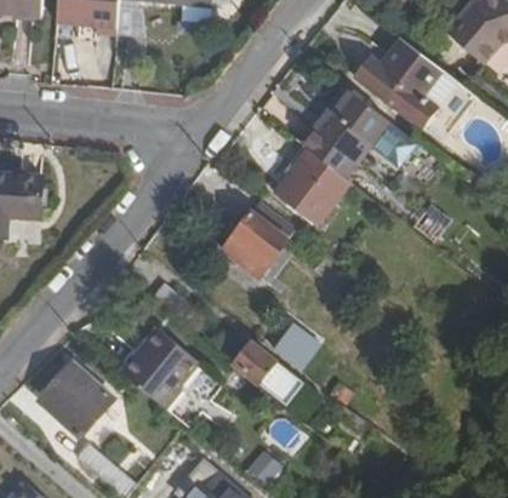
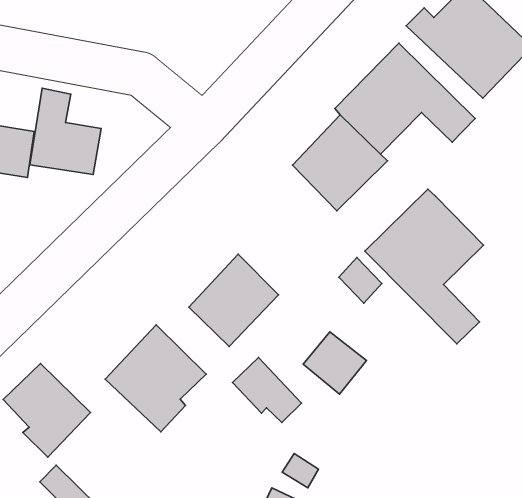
building: none -> [30,88,101,175]
building: none -> [365,189,483,344]
building: [218,205,290,280] -> [189,254,278,346]

